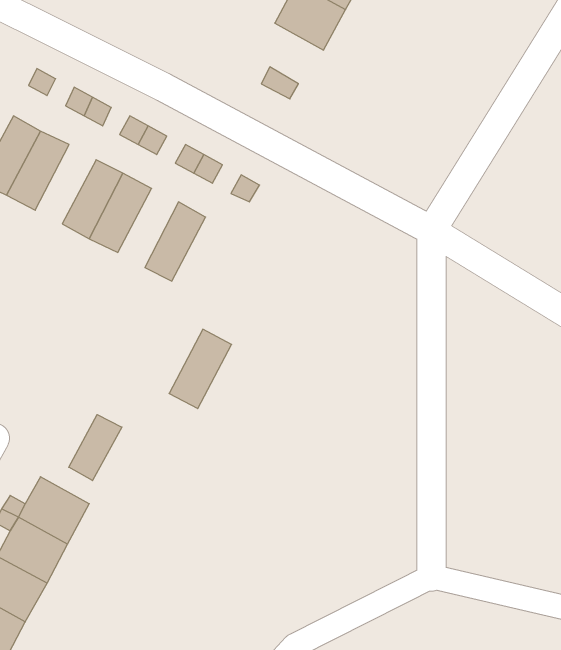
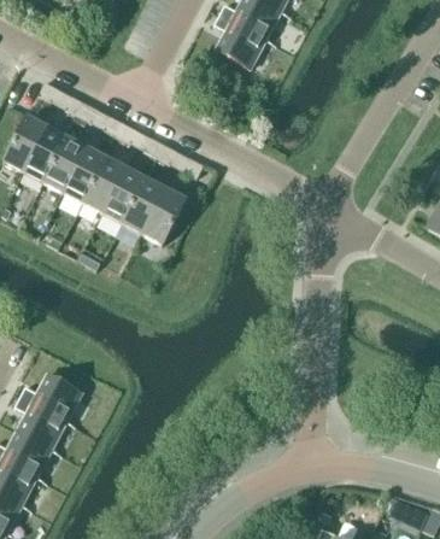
building: none -> [45,135,88,192]
building: none -> [104,166,147,223]
building: [169,329,232,409] -> [142,187,187,244]
building: [69,415,122,481] -> none

